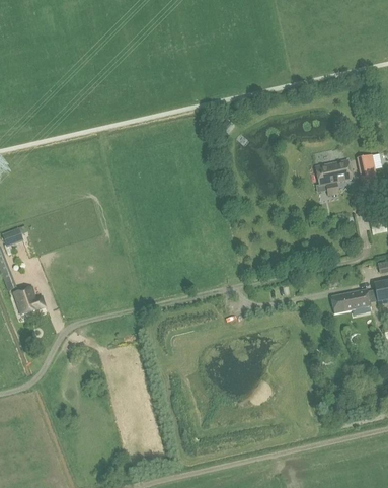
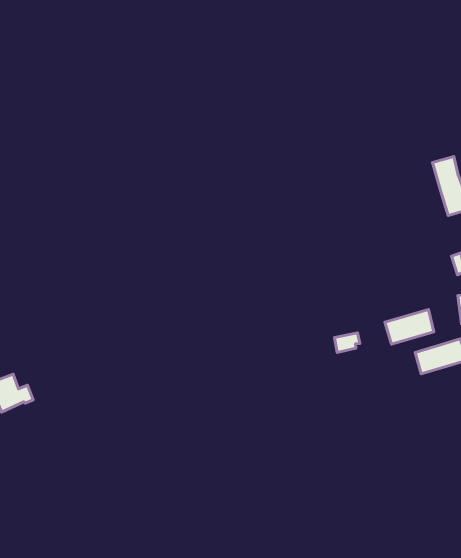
building: [314,158,350,194] -> none
building: none -> [385,310,434,344]

